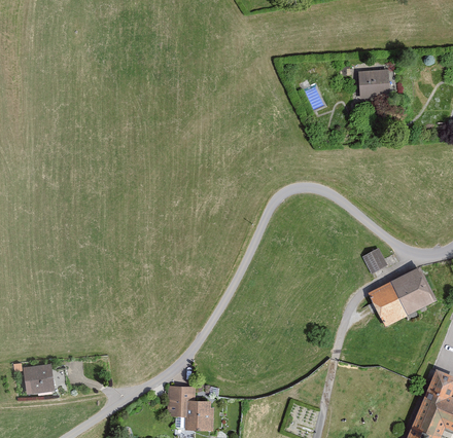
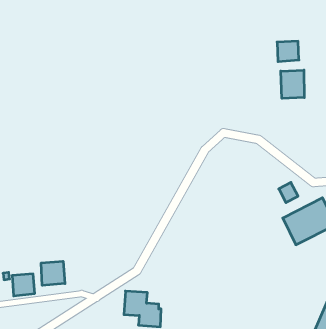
building: none -> [281,70,304,98]
building: none -> [41,261,65,285]

